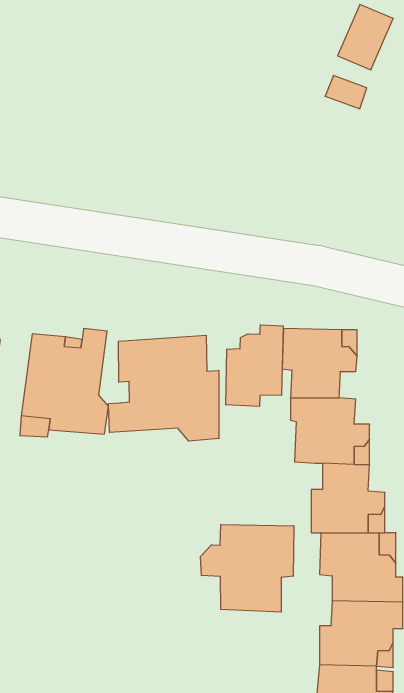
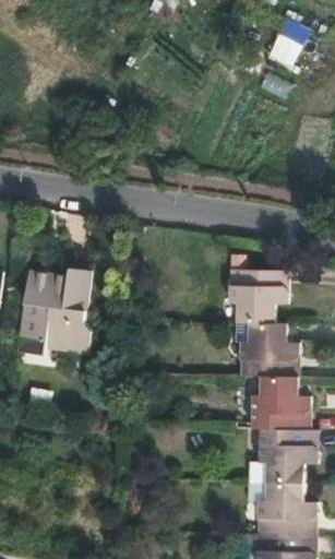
building: [226,325,283,406] -> none
building: [109,335,219,441] -> none
building: [200,524,294,612] -> none

